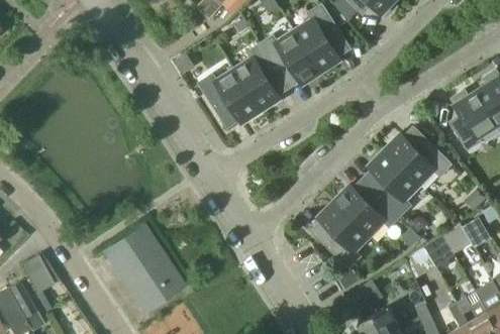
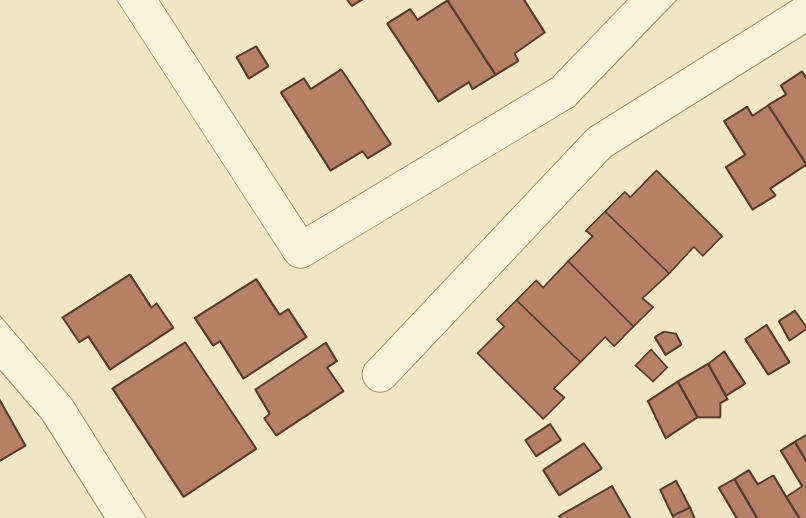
building: [233,43,289,112] -> none
building: none -> [62,275,173,370]
building: none -> [195,279,306,379]
building: none -> [255,343,343,435]

